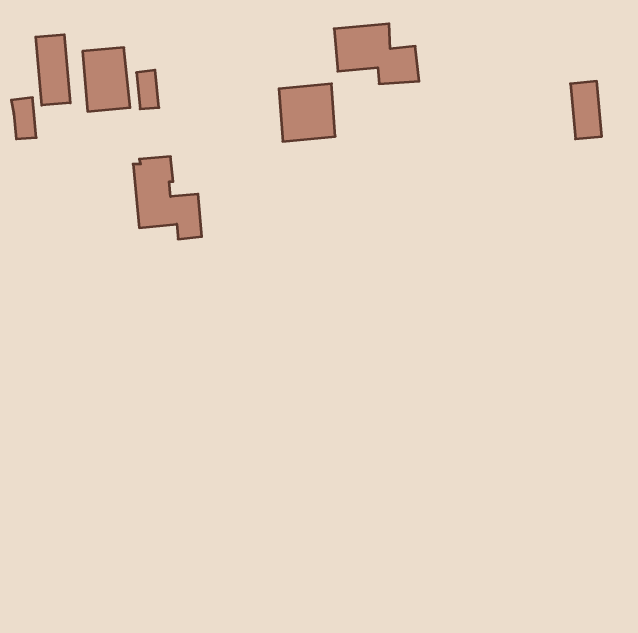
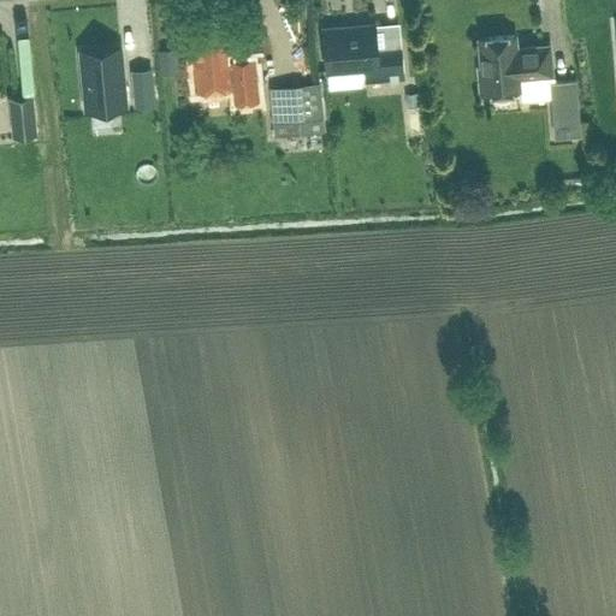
building: [36,35,70,105] -> none
building: none -> [479,40,551,103]
building: [133,157,202,239] -> [191,29,257,108]

